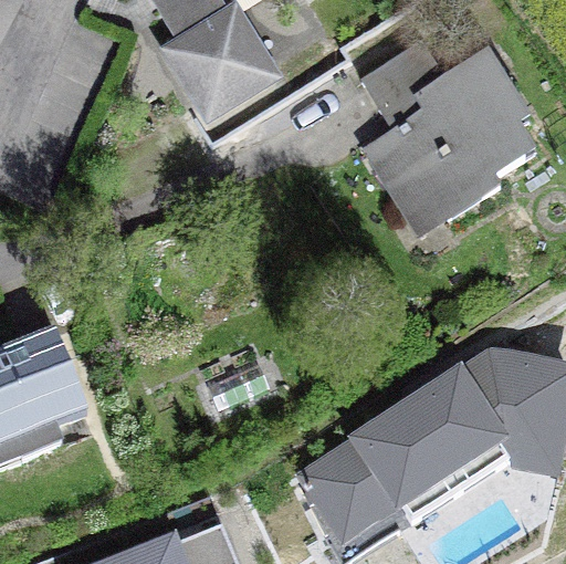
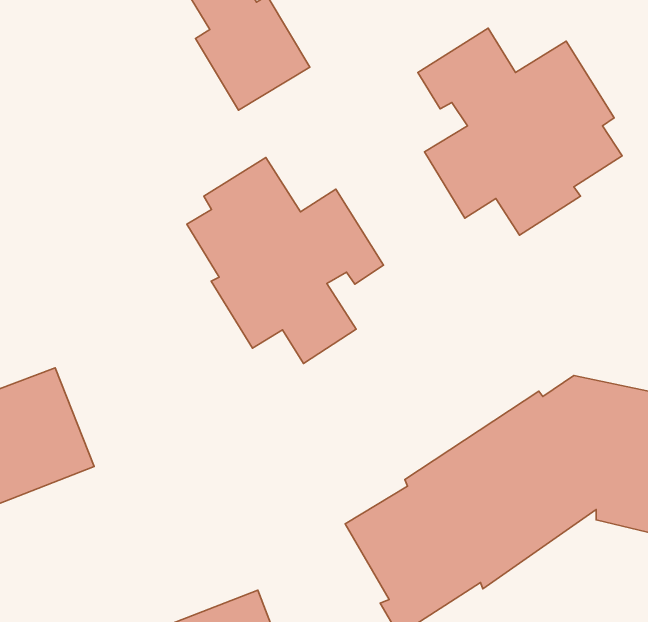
building: none -> [187,157,384,364]

